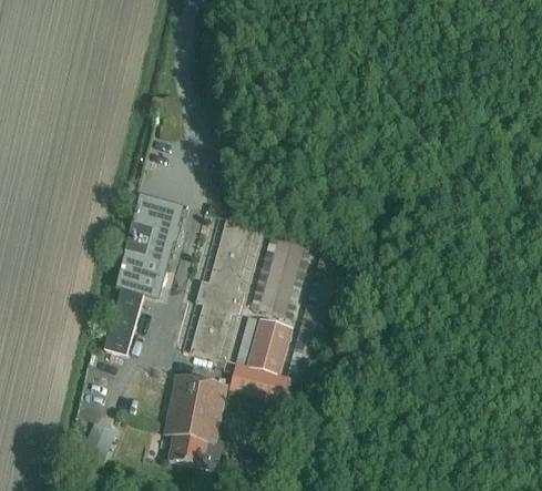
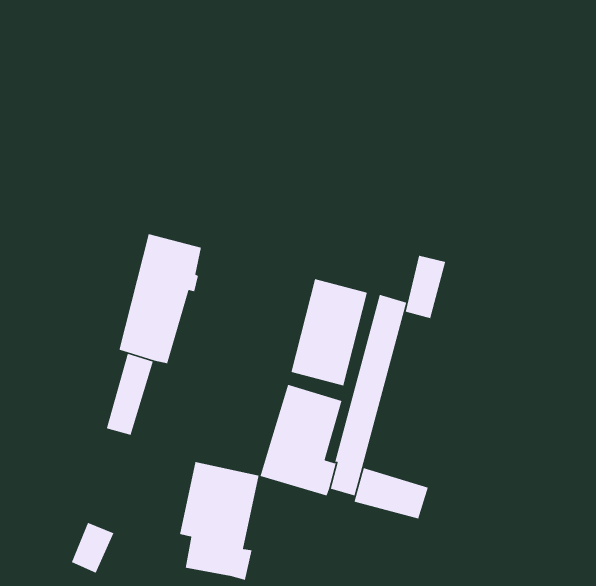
building: none -> [405,255,446,319]
building: [192,218,254,358] -> none
building: none -> [354,467,429,520]

